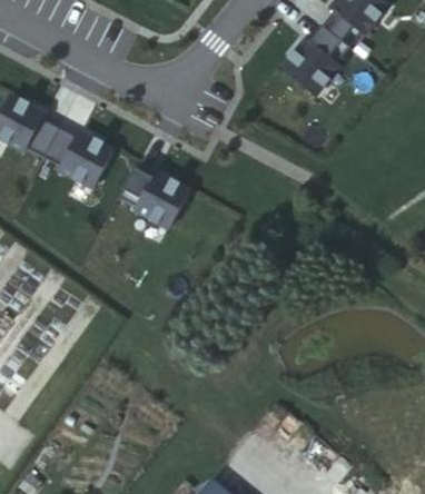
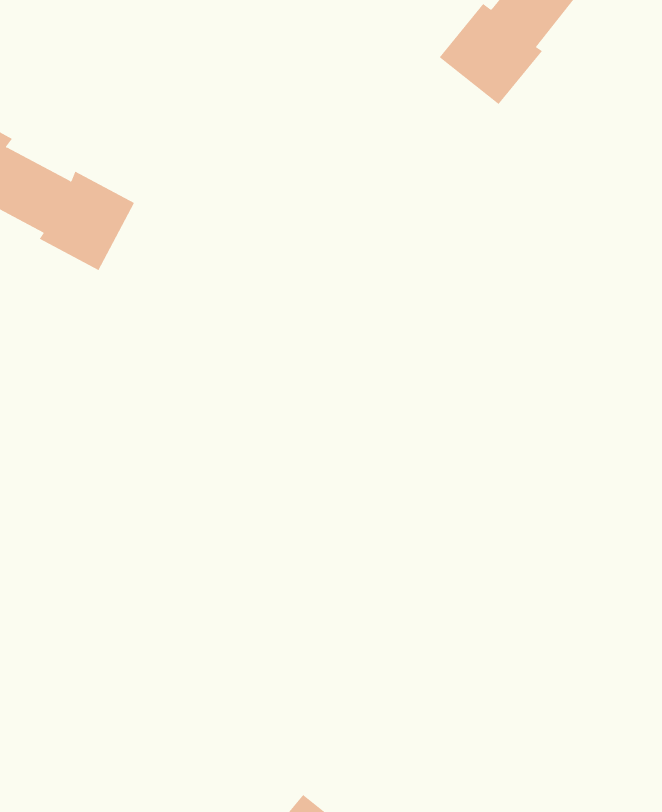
building: [120,168,190,228] -> none

